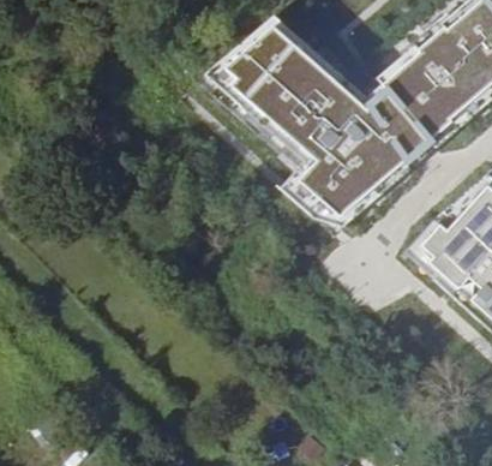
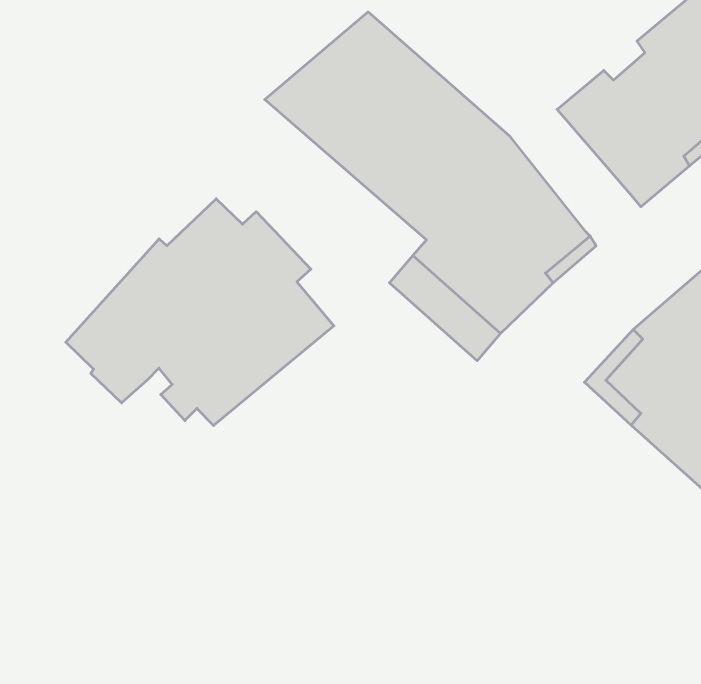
building: [358,79,432,155] -> none
building: none -> [66,199,334,426]

